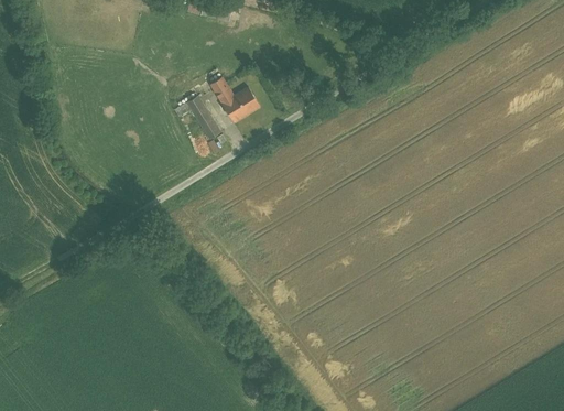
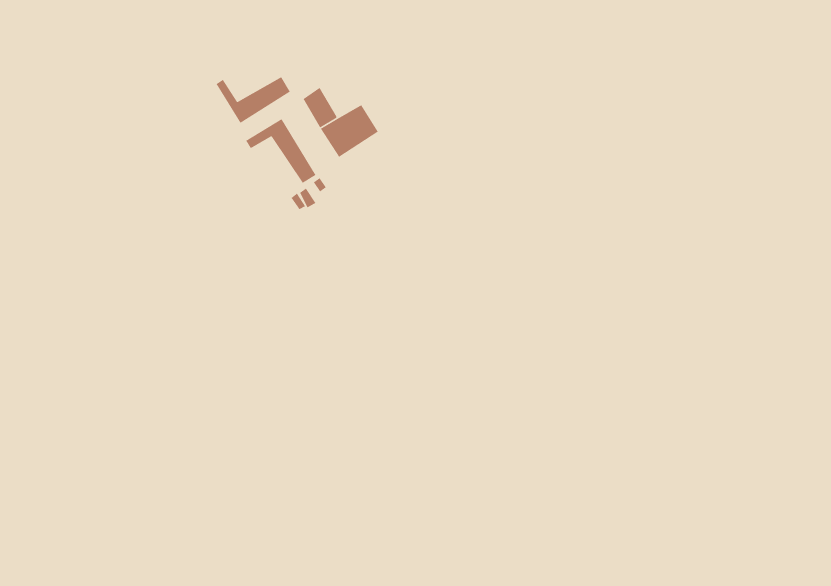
building: none -> [215,76,291,124]

